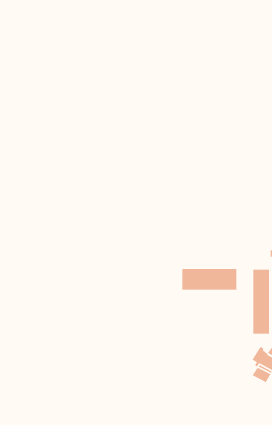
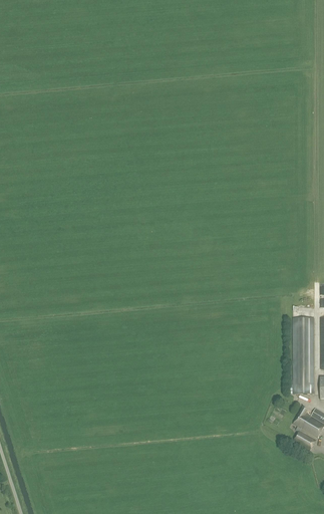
building: [182,268,237,290] -> none

